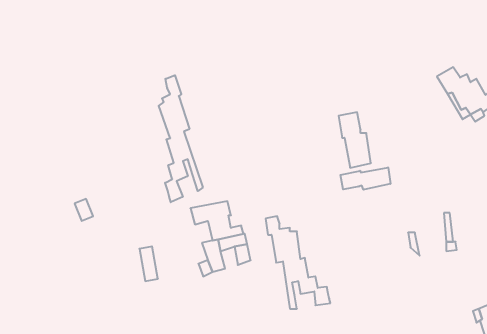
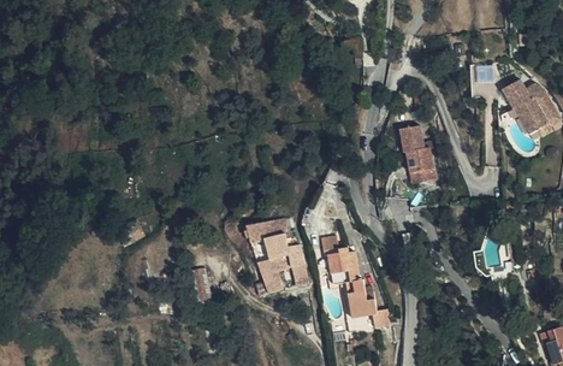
building: [159,75,203,202] -> none
building: [340,167,390,190] -> none

